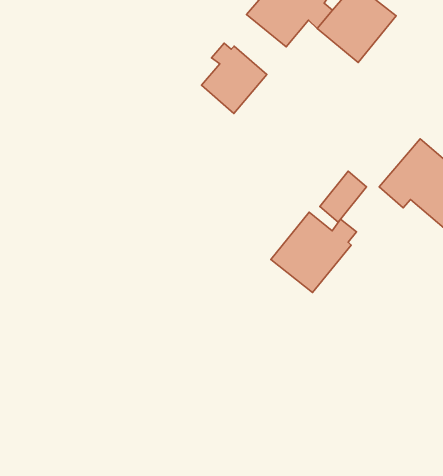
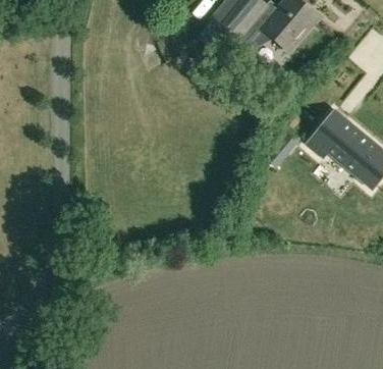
building: [201,43,267,114] -> none
building: [271,212,356,292] -> none

